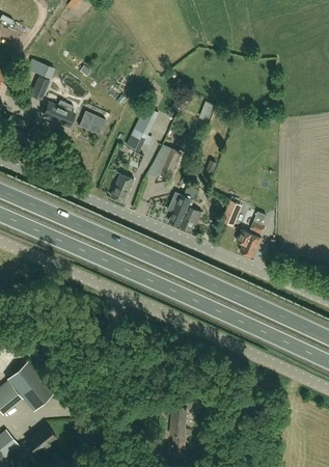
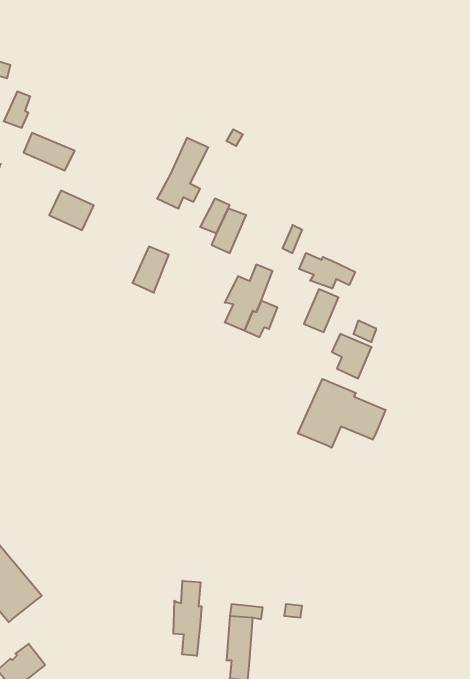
building: [78,110,106,135] -> [49,191,94,230]
building: none -> [299,253,355,289]
building: none -> [298,379,386,448]
building: none -> [173,581,202,656]

